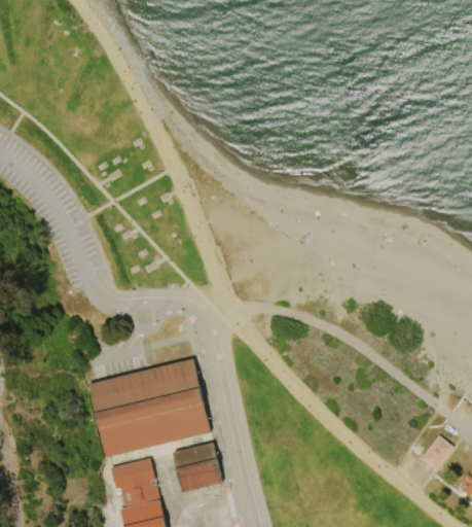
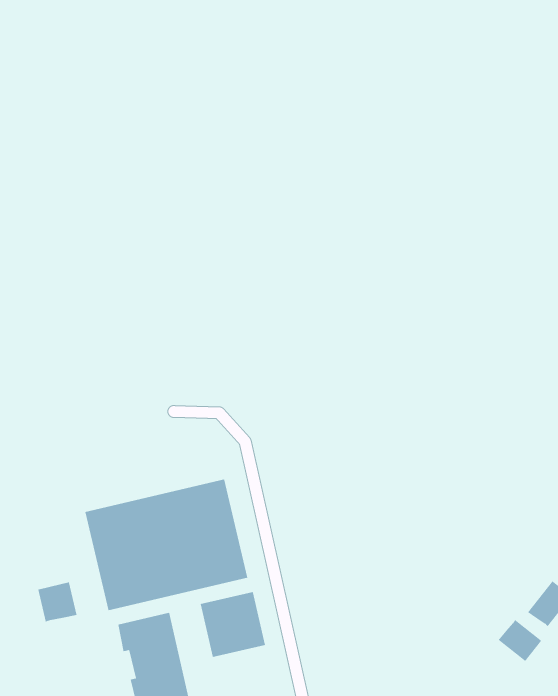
building: none -> [37,582,77,622]
building: none -> [498,619,543,662]

